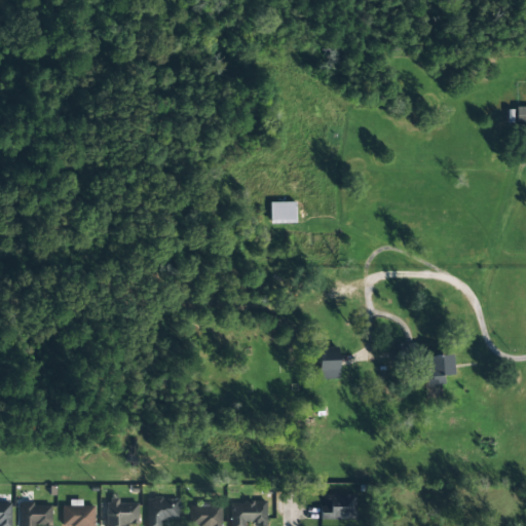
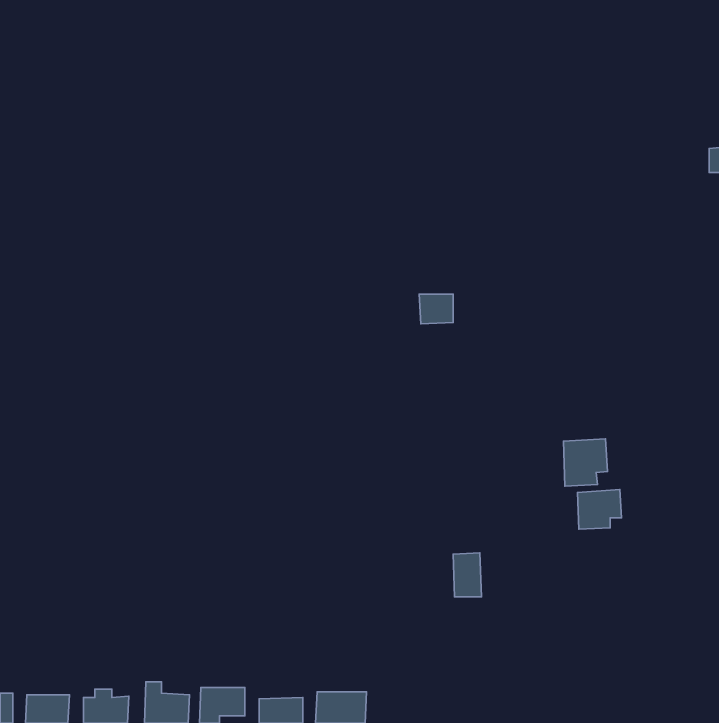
building: [272,202,297,224] -> [419,294,453,324]
building: none -> [564,439,607,486]
building: [320,347,340,379] -> [453,553,481,597]
building: [323,494,358,520] -> none

